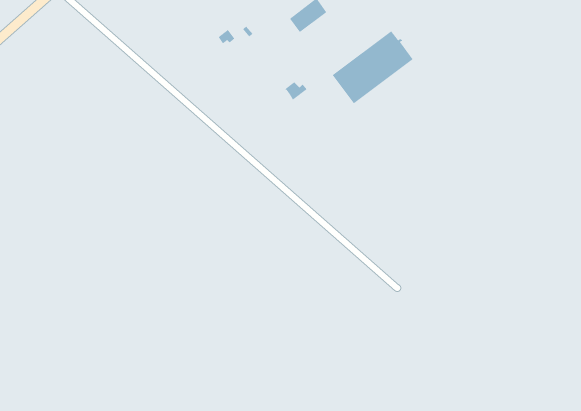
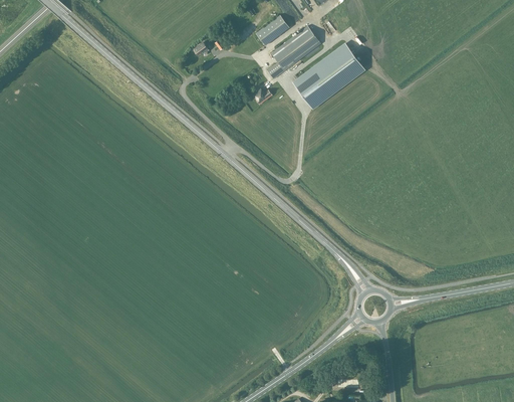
building: none -> [267,25,321,78]

